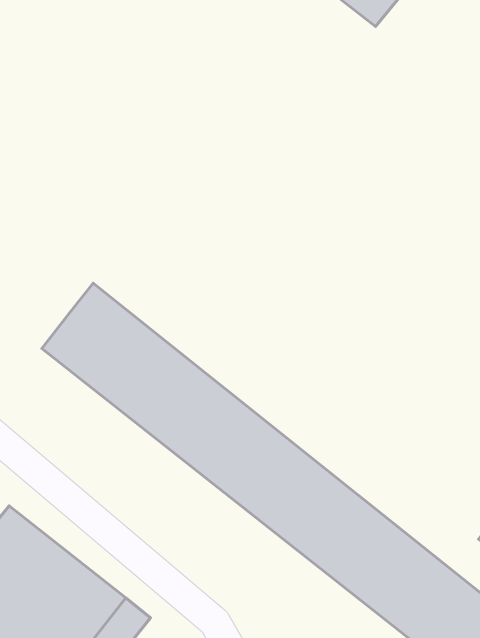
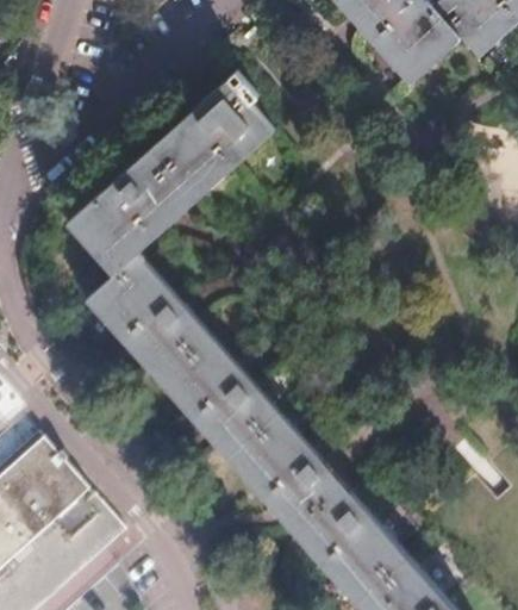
building: none -> [68,81,270,276]

